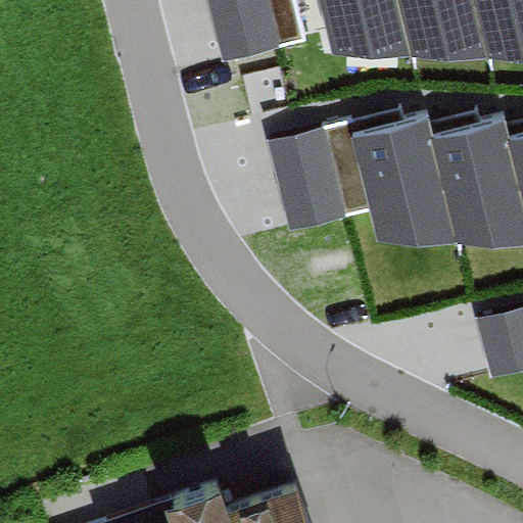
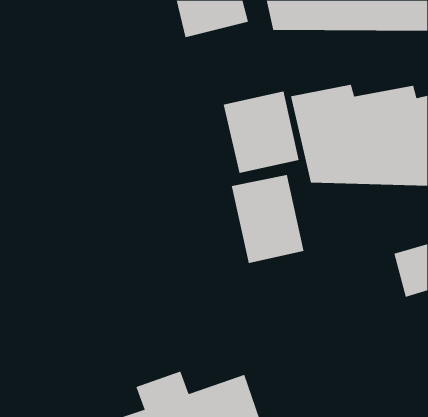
building: none -> [231,174,304,264]

